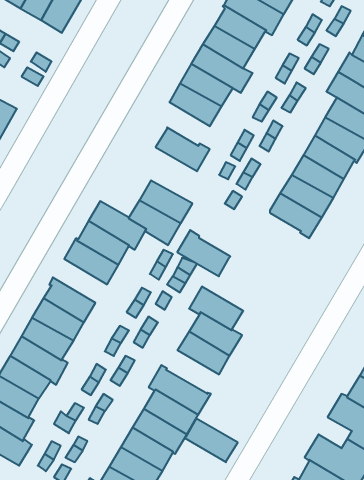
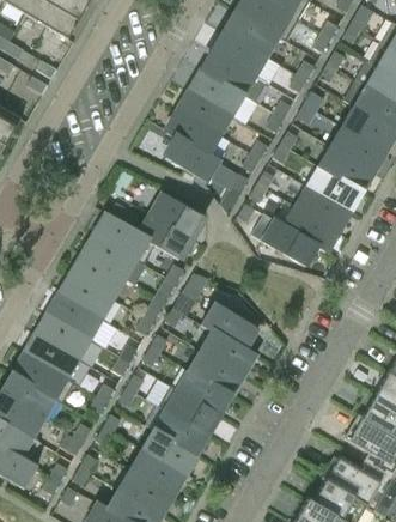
building: none -> [166,111,221,157]
building: [177,230,230,276] -> [261,218,316,266]
building: none -> [59,274,115,320]
building: [185,418,238,462] -> [176,369,231,414]

